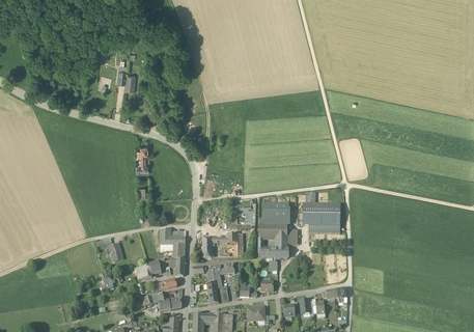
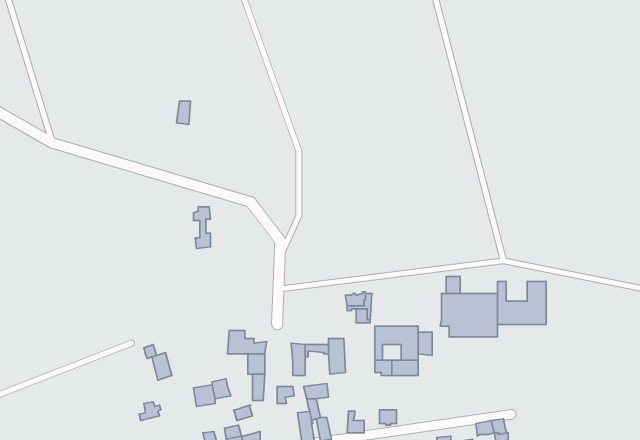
building: none -> [497,282,546,325]
building: [259,204,287,225] -> none

